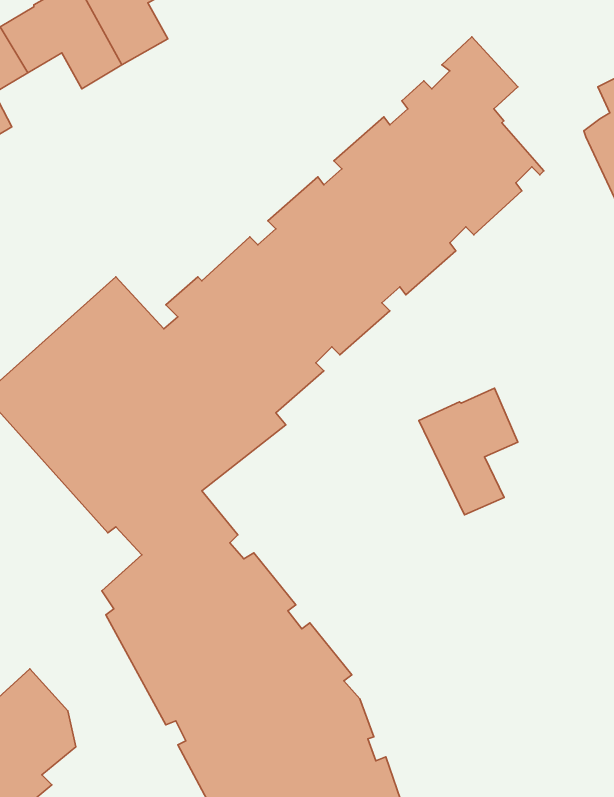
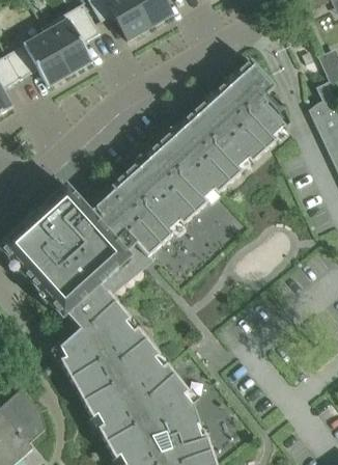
building: [419,388,518,515] -> none

